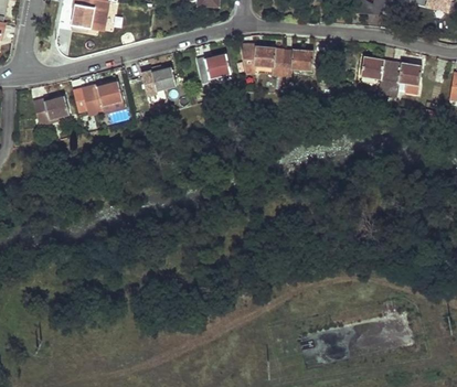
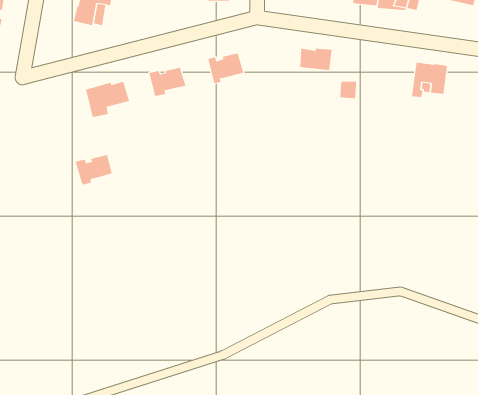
building: [242,45,284,75] -> none
building: [360,57,392,96] -> none
building: [34,96,70,125] -> [75,155,113,185]

